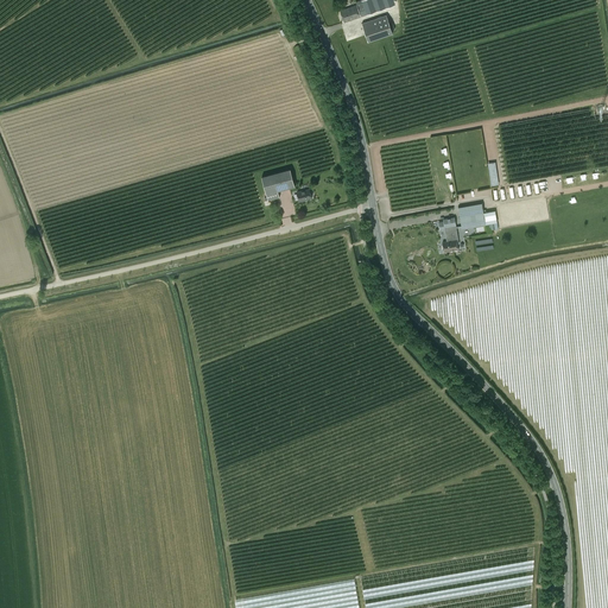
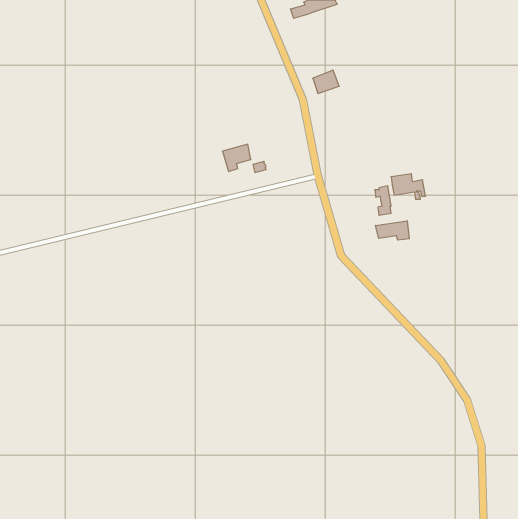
building: [361,14,392,42] -> [313,70,339,93]
building: none -> [376,221,409,240]

